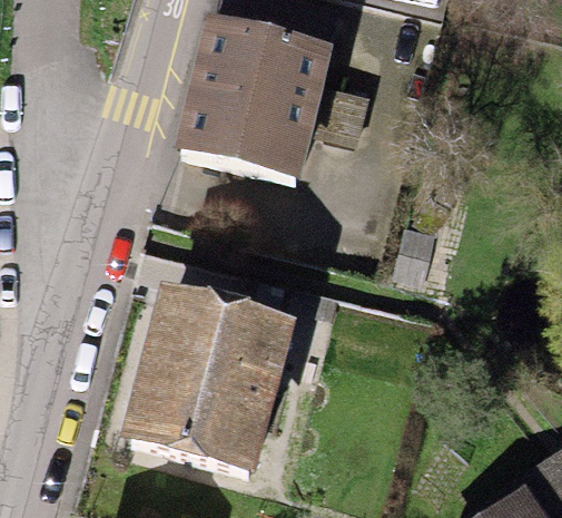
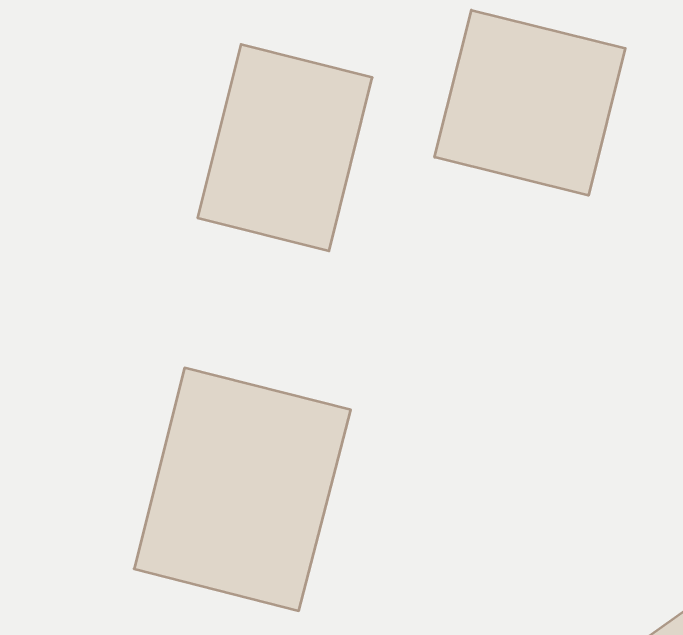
building: none -> [435,10,625,195]

